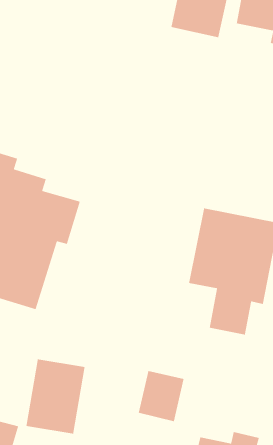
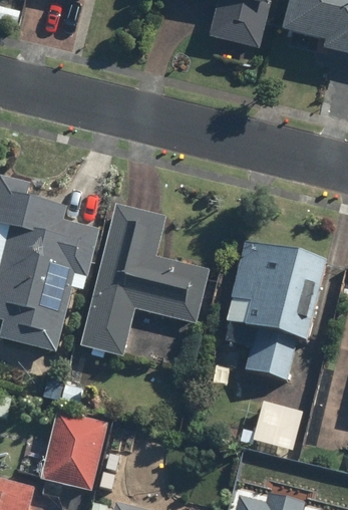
building: none -> [83,204,213,354]
building: [138,370,184,422] -> [251,399,303,457]

